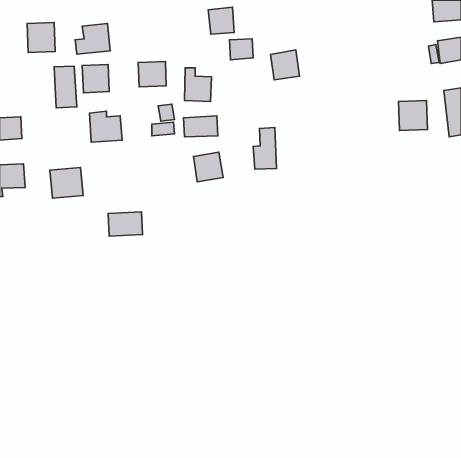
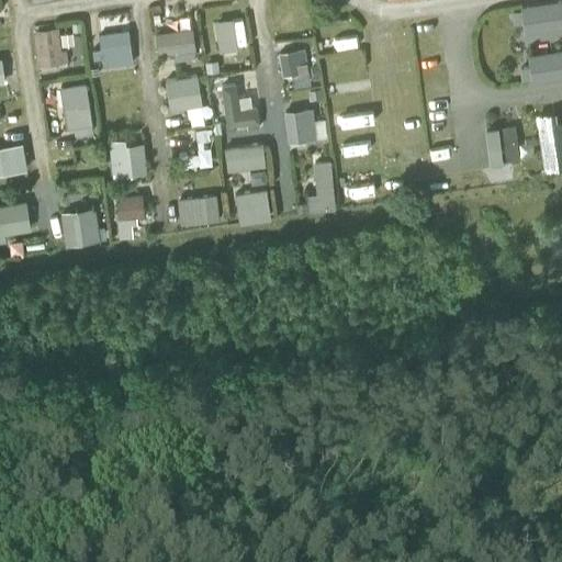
building: [208,7,234,34] -> [215,21,247,54]
building: none -> [157,33,196,63]
building: [271,50,300,80] -> [282,109,317,145]
building: [82,64,109,93] -> none
building: none -> [115,196,146,222]
building: [108,212,142,236] -> [178,196,220,226]

